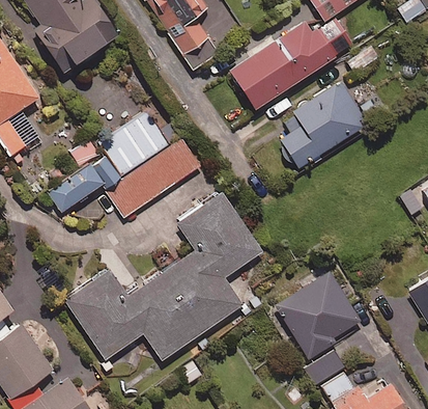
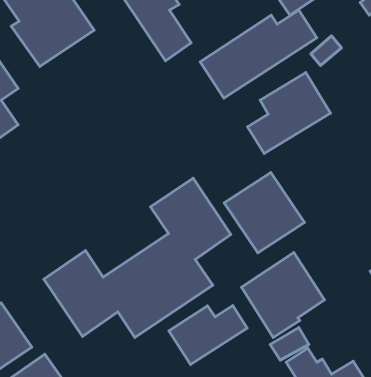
building: [50,111,200,217] -> none
building: none -> [224,172,304,253]
building: none -> [169,305,247,365]

